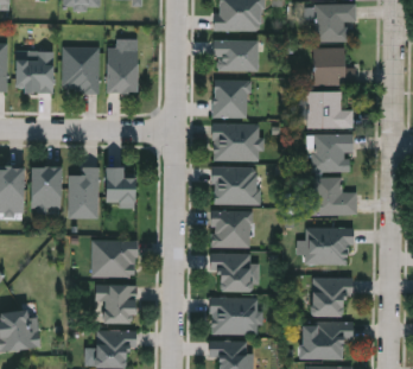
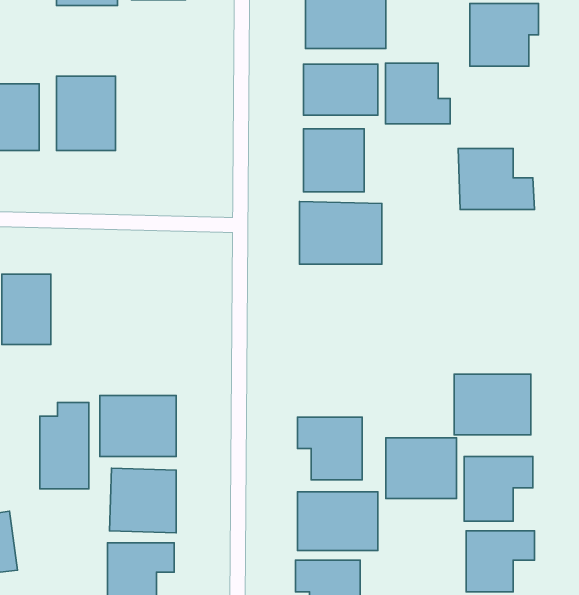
building: [106,45,135,91] -> none
building: [312,47,351,84] -> [385,63,450,124]
building: [312,134,351,172] -> none
building: [69,166,99,218] -> [40,403,89,489]
building: [103,168,134,208] -> none
building: [212,168,260,204] -> none
building: [309,178,357,216] -> none
building: [211,211,254,248] -> [386,438,456,499]

